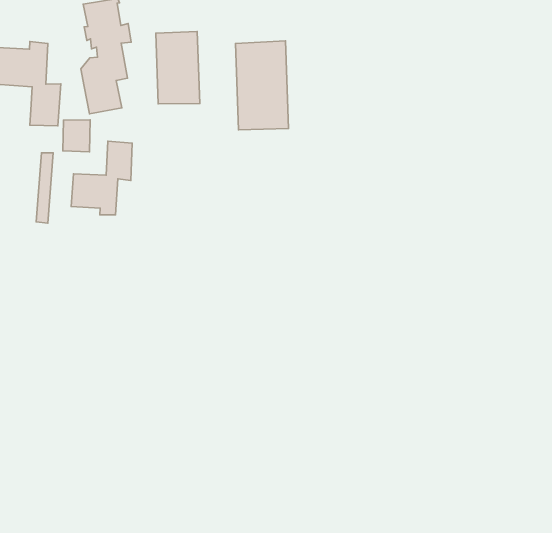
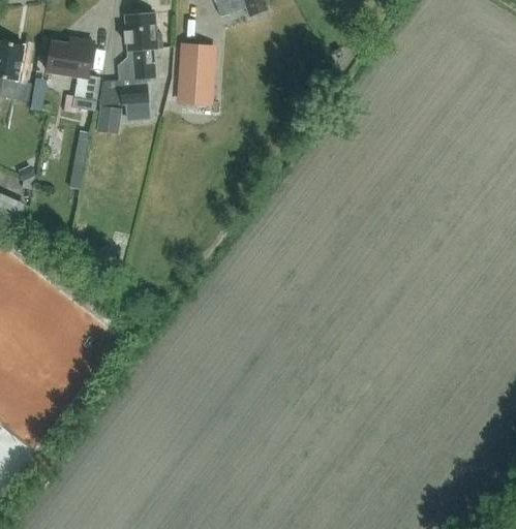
building: [235,41,289,130] -> none
building: [71,141,132,215] -> none

